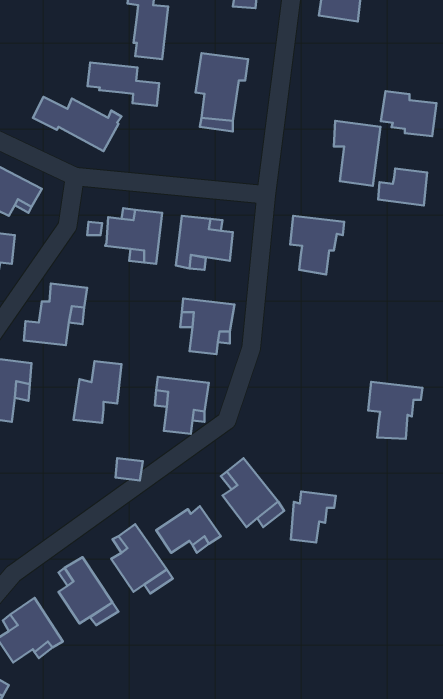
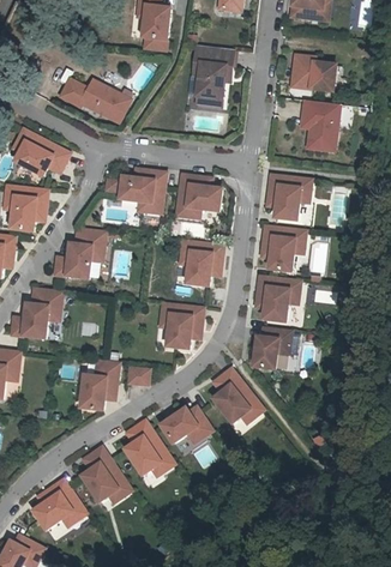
building: [88,62,159,106] -> none
building: [381,91,437,136] -> [291,55,336,91]
building: [378,168,427,205] -> none
building: none -> [261,227,305,272]
building: [73,361,122,423] -> [80,361,119,410]
building: [368,382,422,439] -> [255,277,299,322]
building: [291,491,336,542] -> [254,328,290,369]

